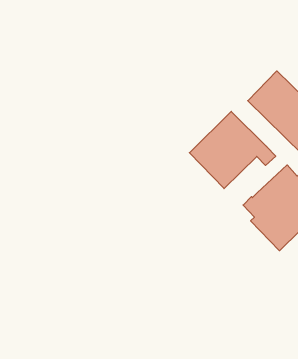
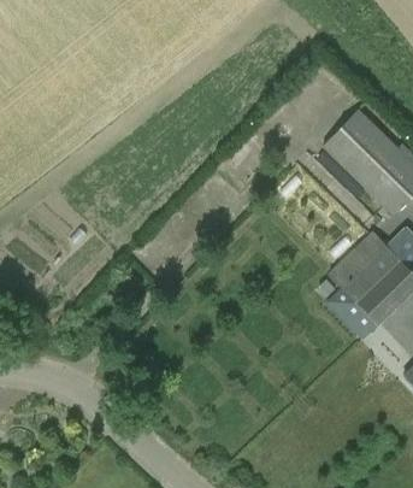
building: [189,111,276,189] -> none

